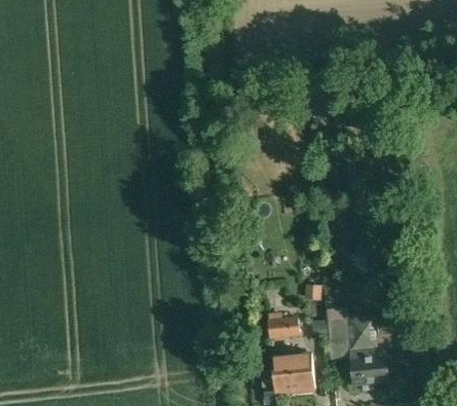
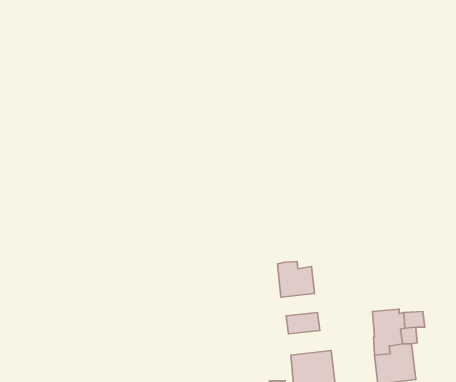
building: none -> [278,261,314,297]
building: [326,318,349,344] -> none

